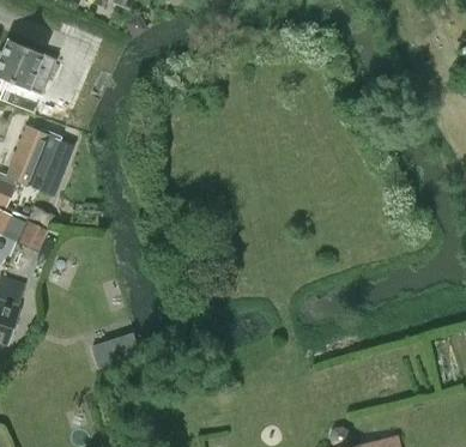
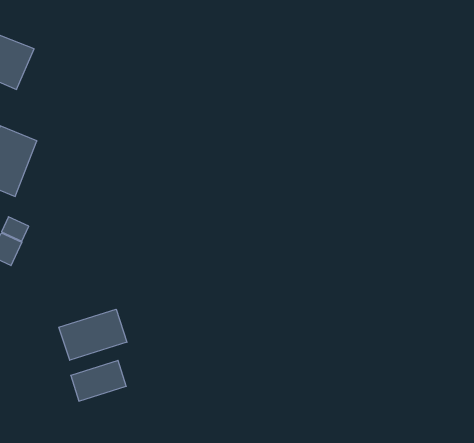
building: none -> [59,309,127,360]

